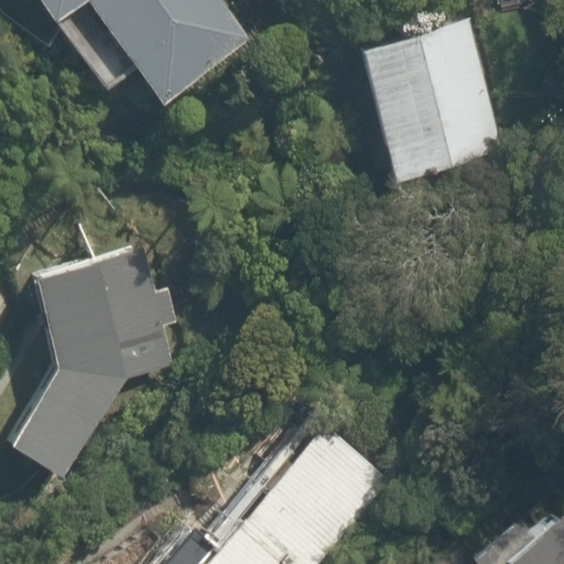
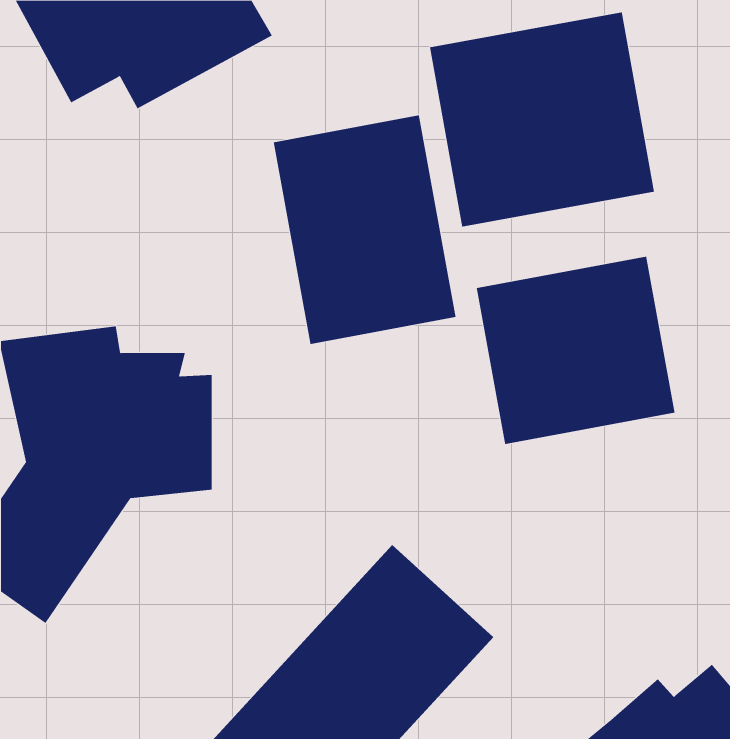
building: none -> [273,114,456,345]
building: none -> [476,256,675,445]

